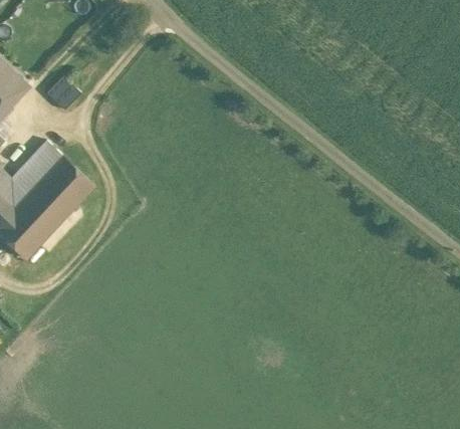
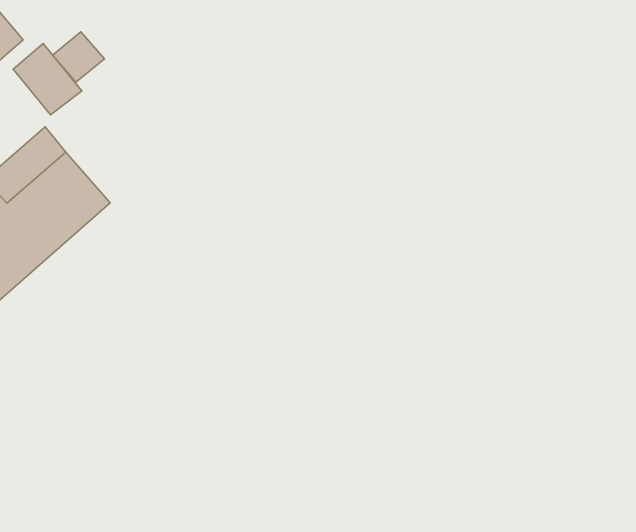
building: none -> [13,44,82,115]

